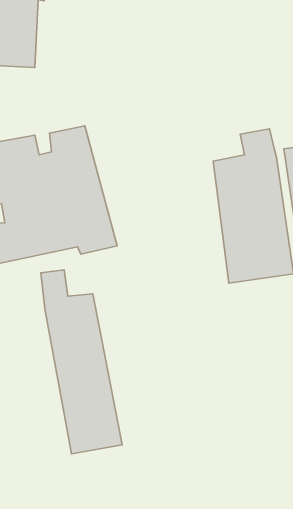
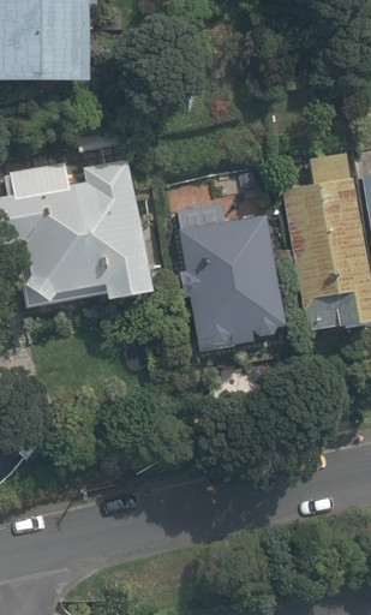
building: none -> [169,169,275,342]
building: [41,270,122,454] -> none

